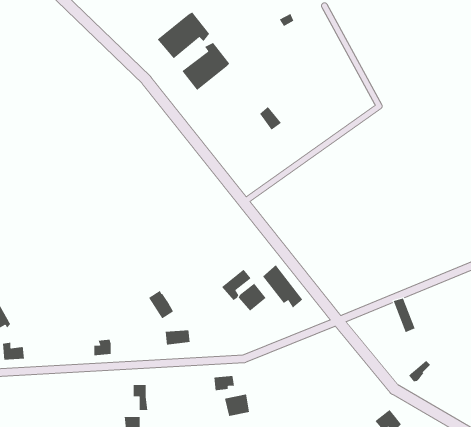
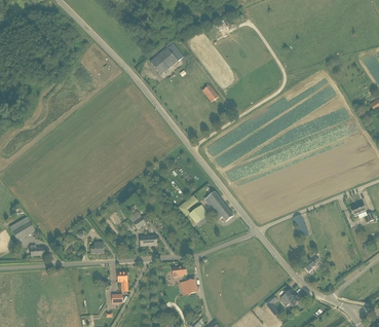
building: [157,12,210,59] -> none

